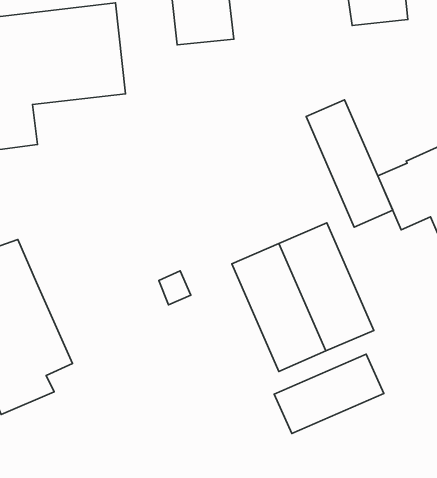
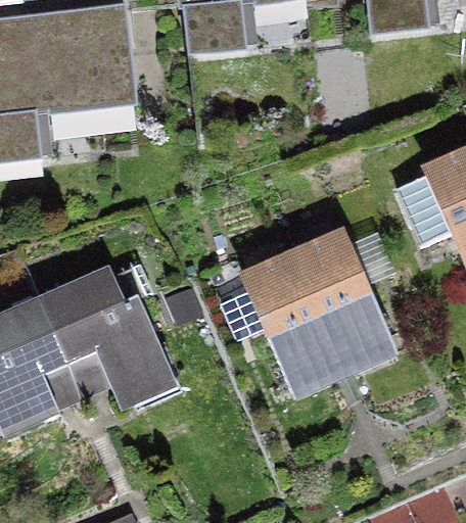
building: [306,100,393,227] -> none
building: none -> [41,265,168,390]
building: [274,354,384,434] -> none

